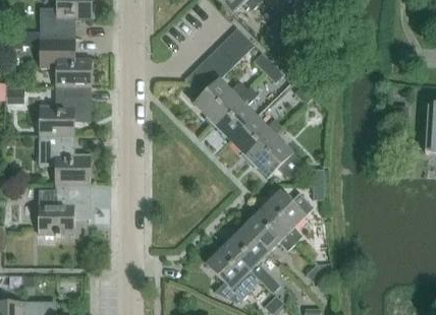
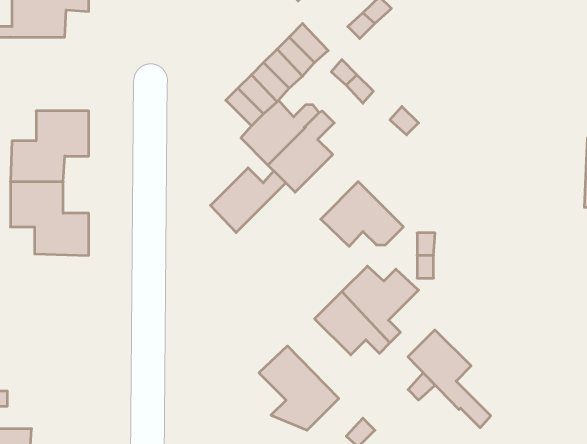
building: [38,37,91,86] -> none
building: [230,116,281,160] -> [210,168,286,233]
building: [37,183,91,233] -> none
building: [225,227,281,293] -> [408,330,491,428]

